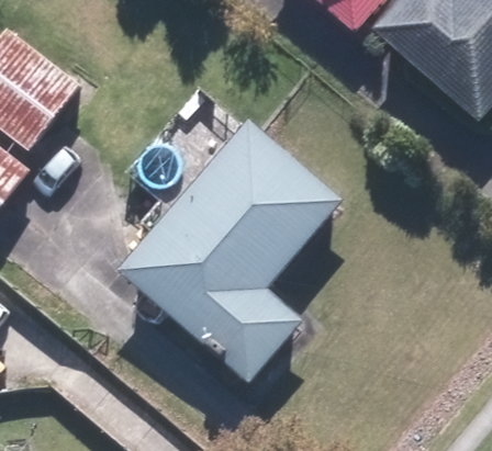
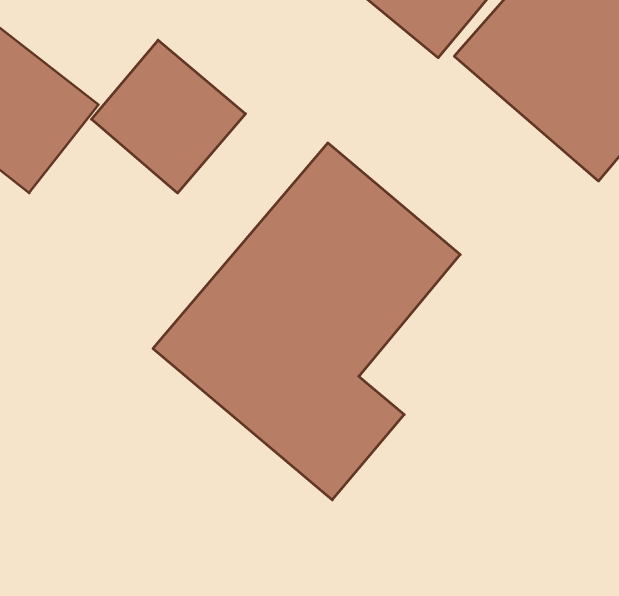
building: none -> [91,40,246,193]

